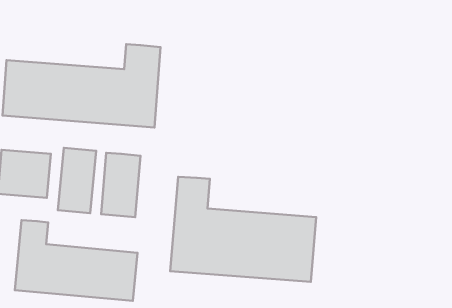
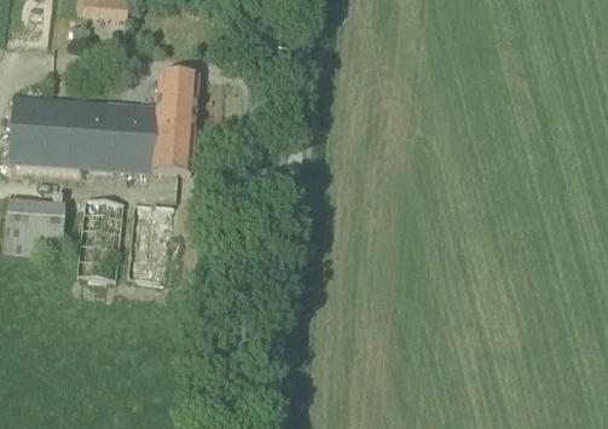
building: [170,177,316,282] -> none
building: [15,220,138,301] -> none

